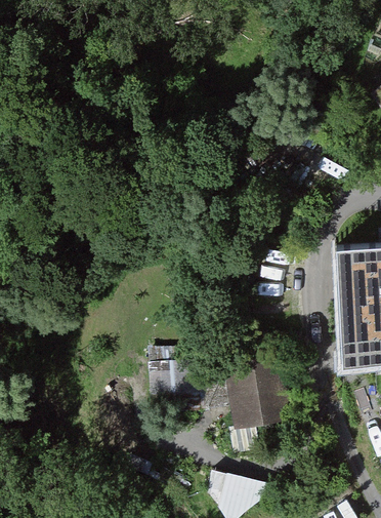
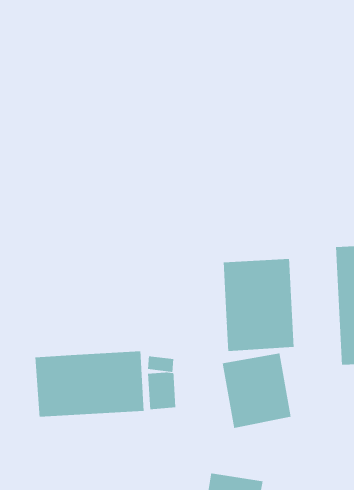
building: none -> [223,258,294,352]
building: none -> [35,351,144,417]

